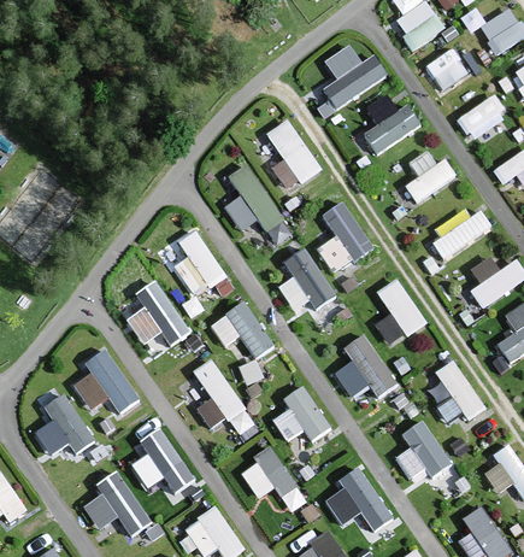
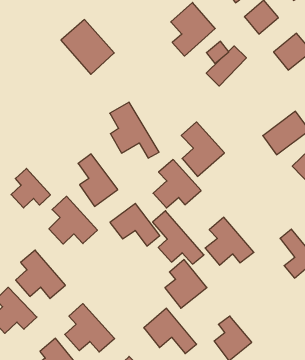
building: [252,121,322,195] -> [61,20,114,74]
building: [398,148,453,201] -> none
building: none -> [11,168,50,208]
building: [376,278,428,339] -> none
building: [192,359,255,435] -> [153,211,204,264]
building: [395,421,451,487] -> none

